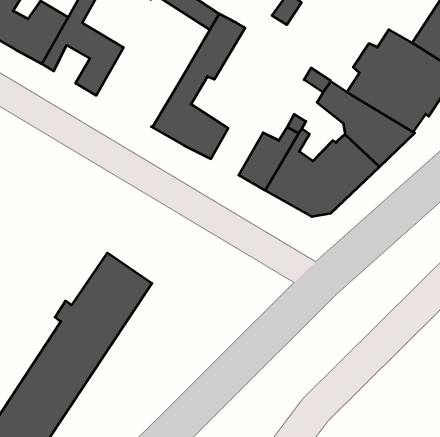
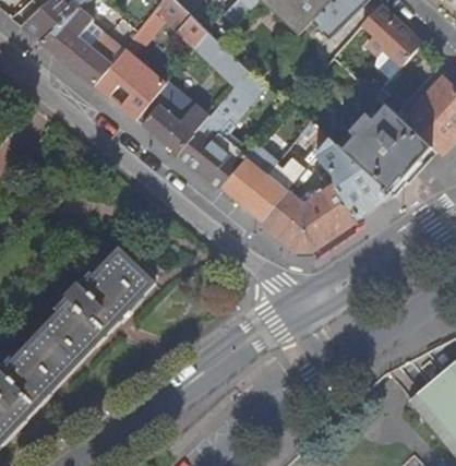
building: none -> [133,81,207,153]
building: none -> [219,145,266,205]

